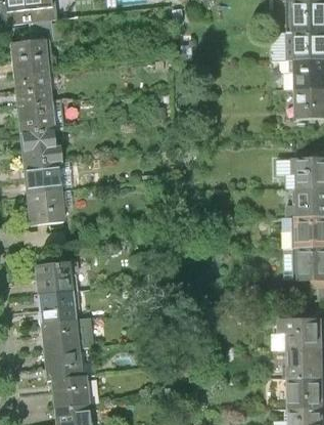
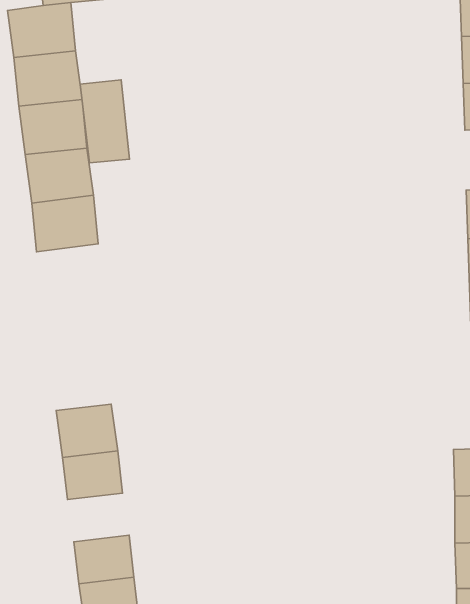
building: none -> [80,80,129,163]
building: [25,189,67,225] -> none
building: [33,260,72,295] -> none
building: [44,347,83,378] -> none

